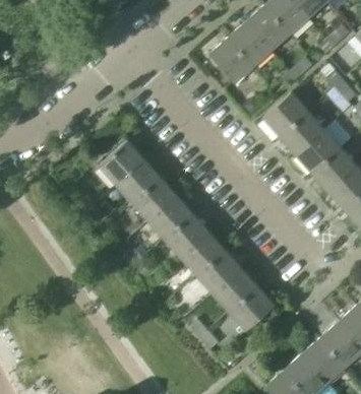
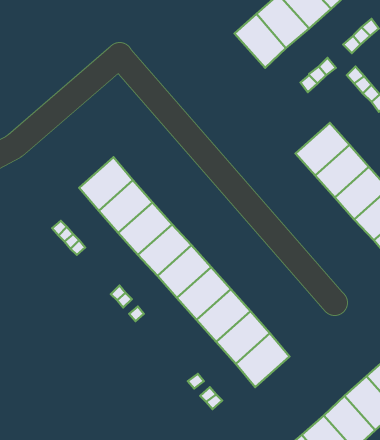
building: [208,38,253,83] -> none
building: [262,92,307,137] -> none

